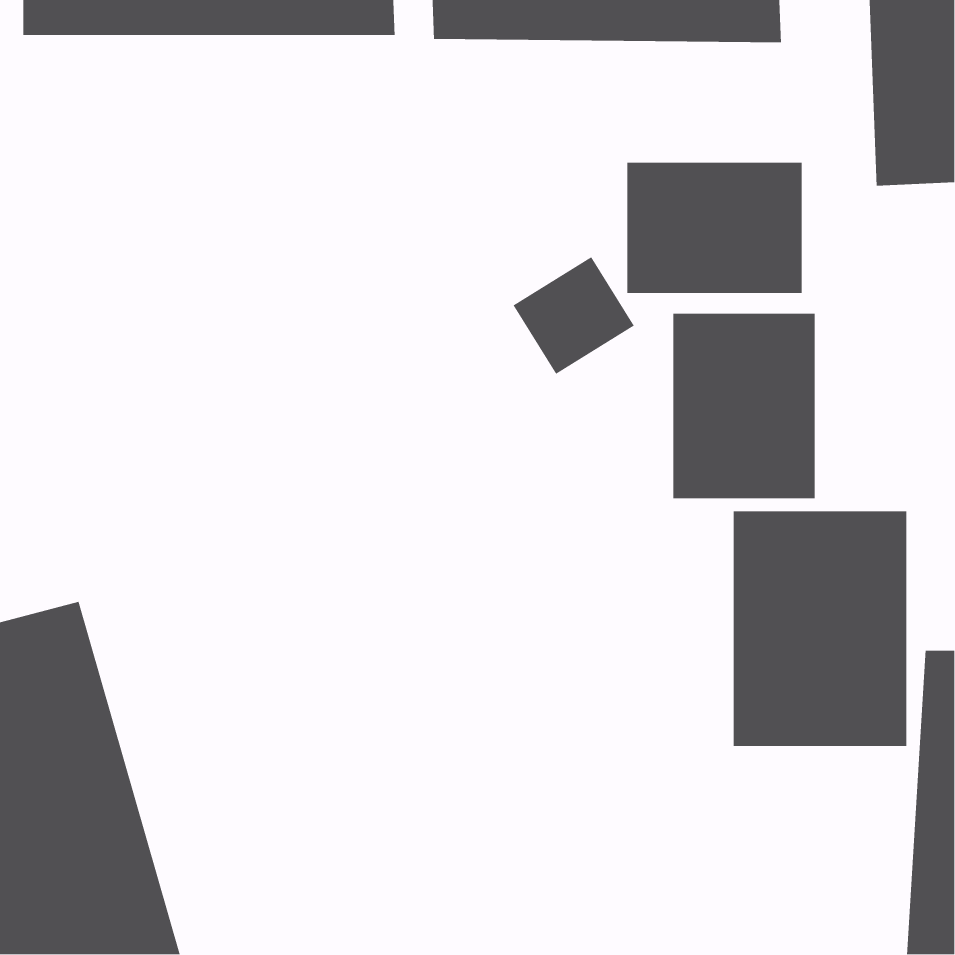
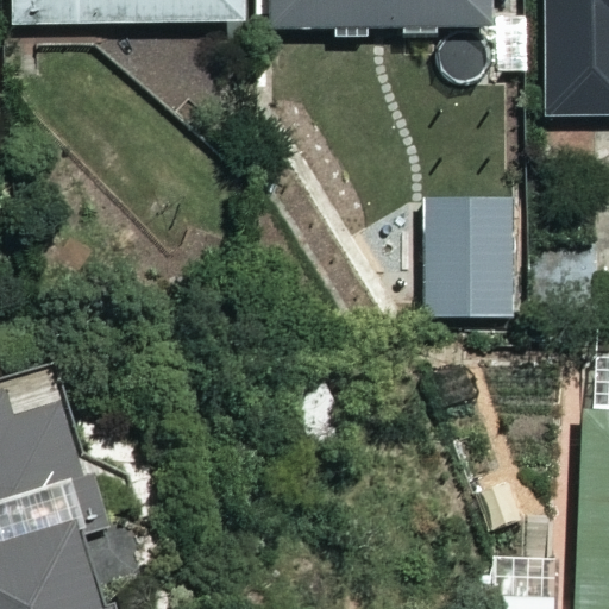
building: [627,162,802,294] -> none
building: [733,511,907,747] -> none

